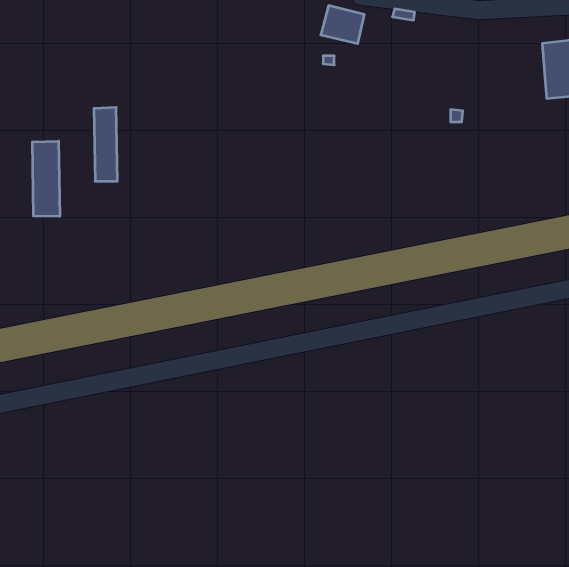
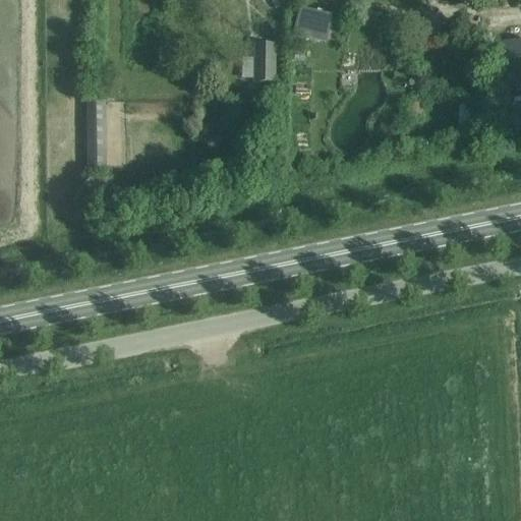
building: none -> [255,43,278,79]
building: [32,141,60,216] -> none

